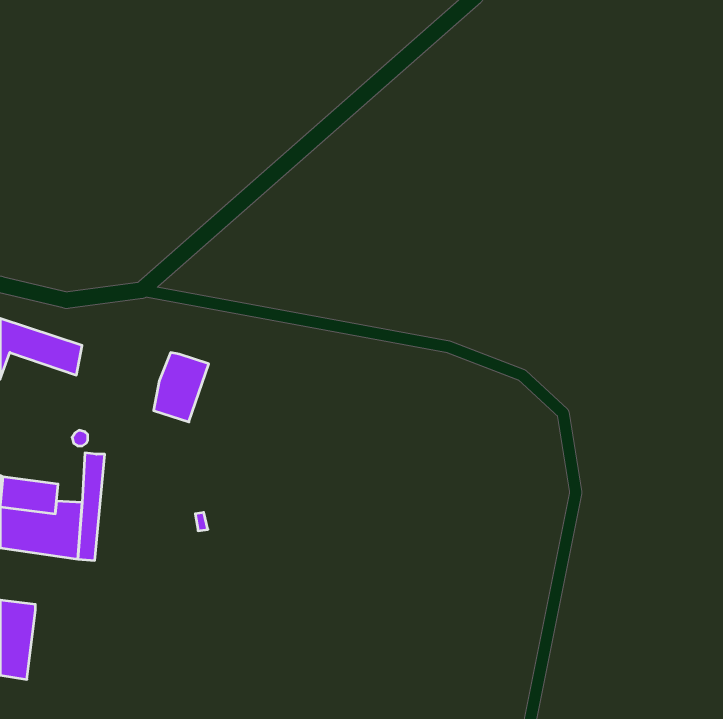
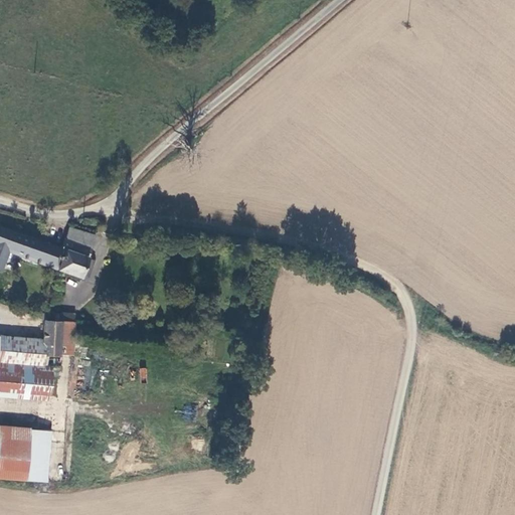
building: [154,353,209,422] -> [54,225,94,275]
building: none -> [40,320,60,357]
building: none -> [19,434,43,485]

